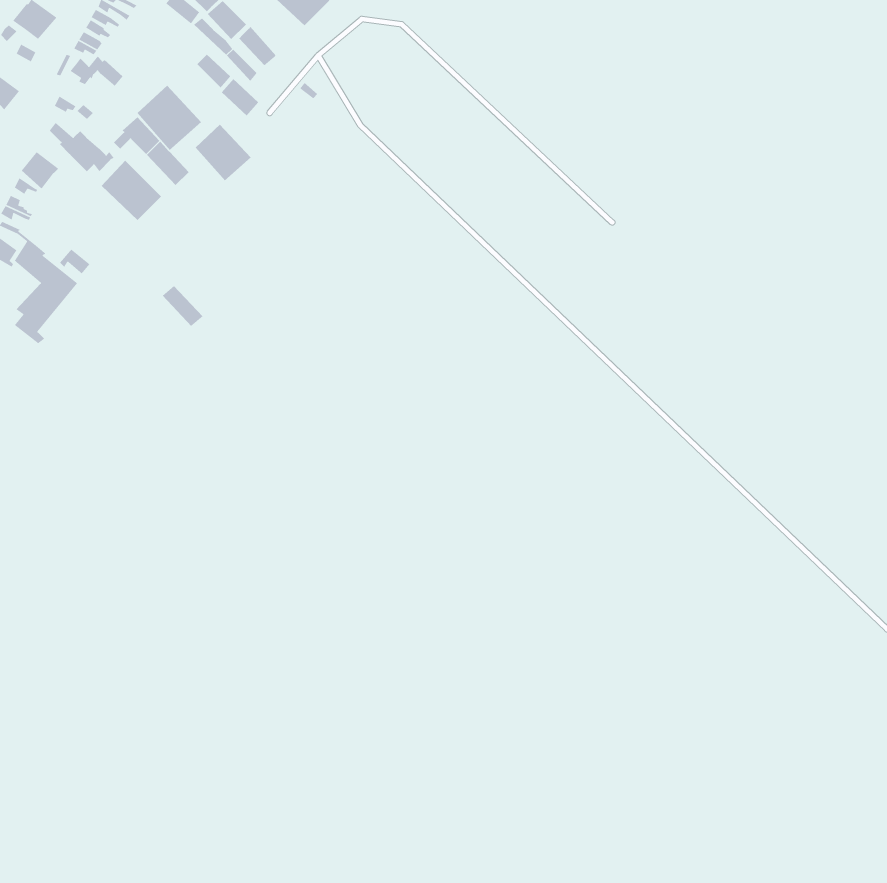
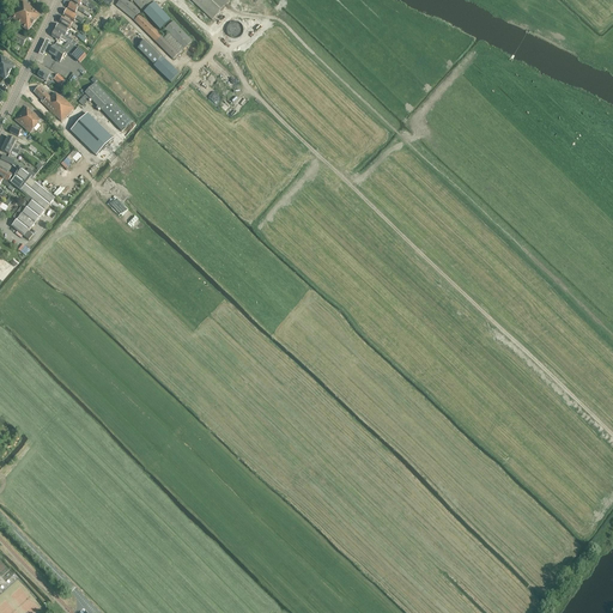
building: [137,85,202,151] -> none
building: [195,124,251,181] -> none

